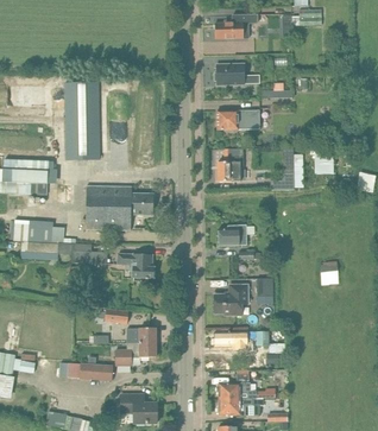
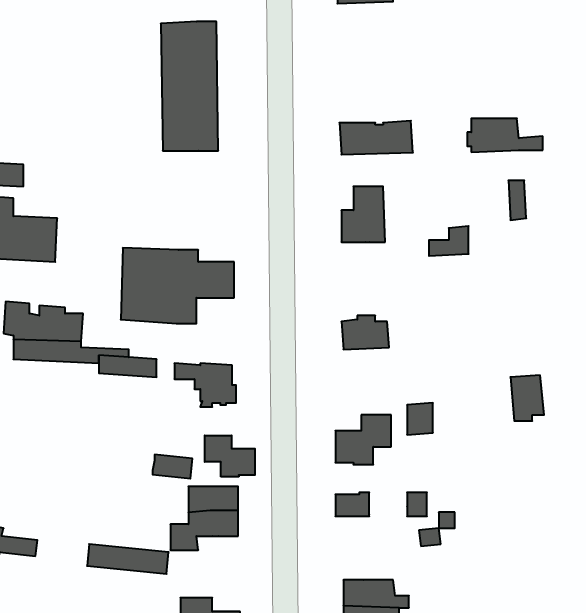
building: [214,64,259,84] -> [467,118,543,152]
building: [65,82,100,159] -> [161,22,218,151]
building: none -> [205,435,255,477]

